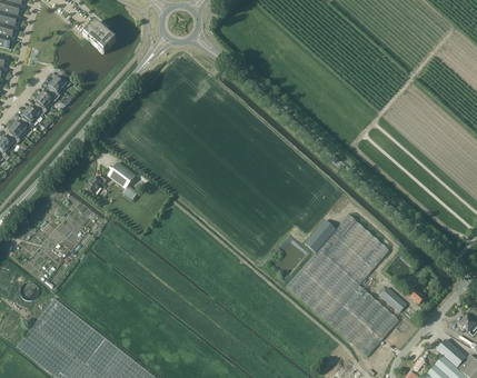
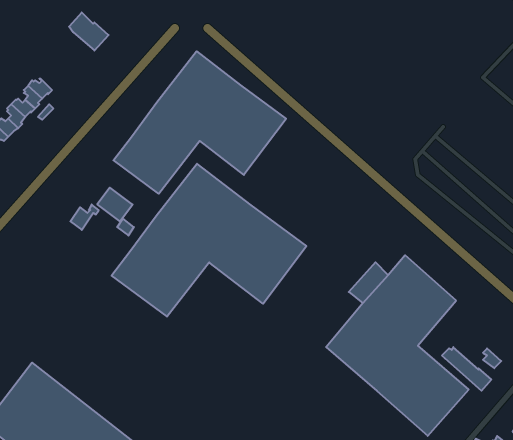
building: none -> [113,51,286,194]
building: none -> [112,164,306,317]

